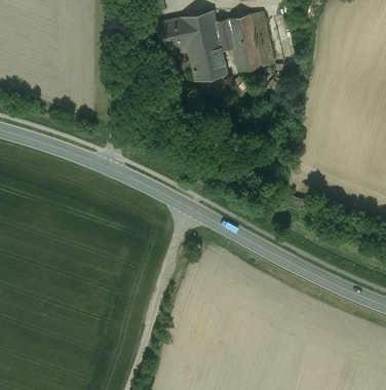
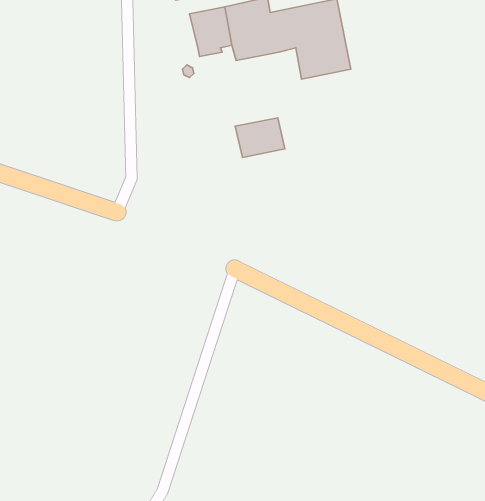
building: [191,51,227,80] -> [235,118,285,157]

